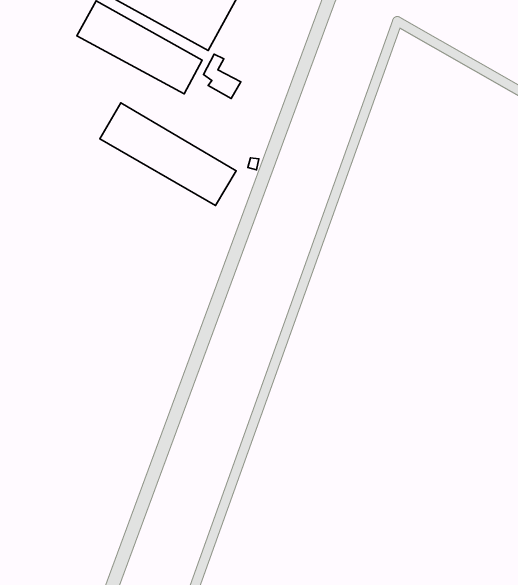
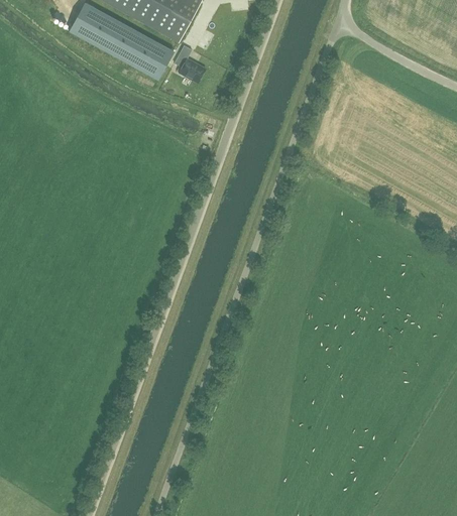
building: [100,103,236,205] -> none

